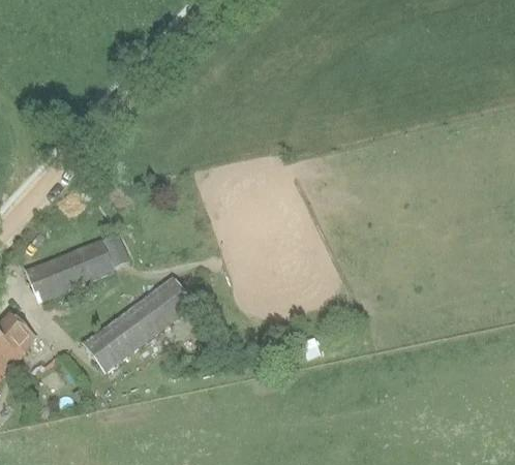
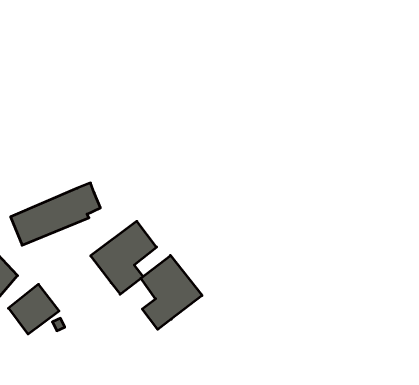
building: none -> [141,255,202,329]
building: [83,315,142,373] -> [8,284,59,334]

